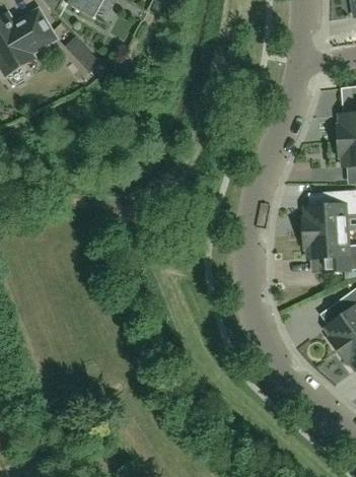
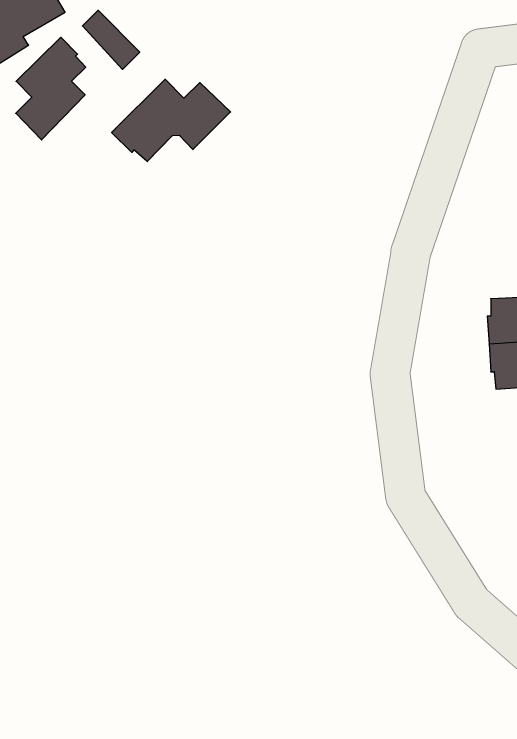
building: none -> [16,37,86,140]
building: none -> [112,79,231,162]

